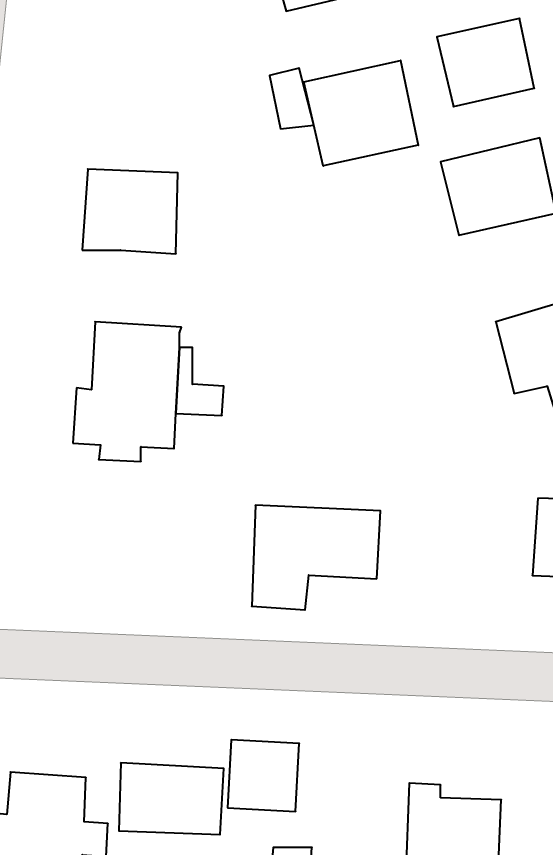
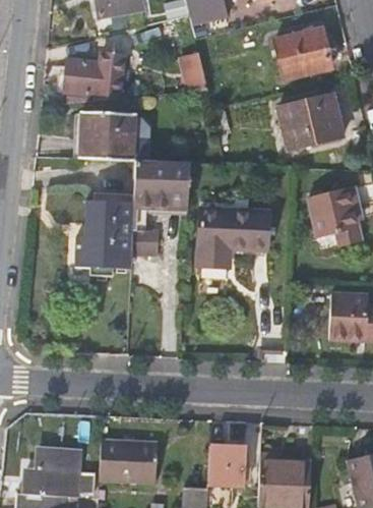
building: none -> [65,51,126,99]
building: [304,60,418,166] -> none
building: none -> [134,159,190,206]
building: [252,505,380,610] -> [198,208,269,266]
building: [228,740,299,811] -> [207,446,247,486]

